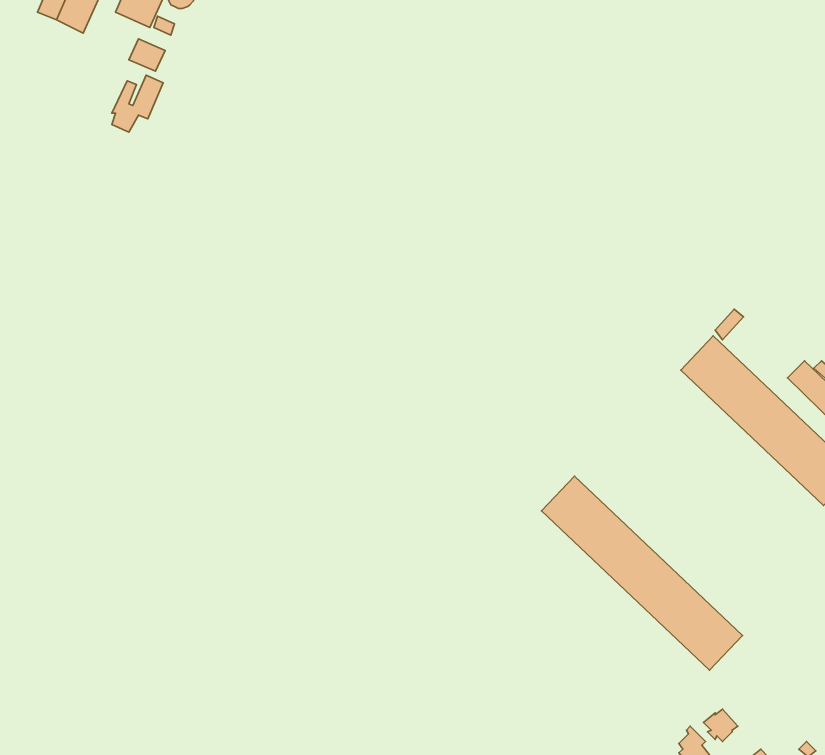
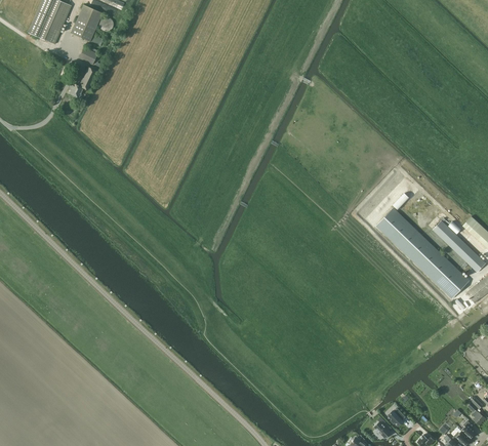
building: [542,476,743,670] -> none

